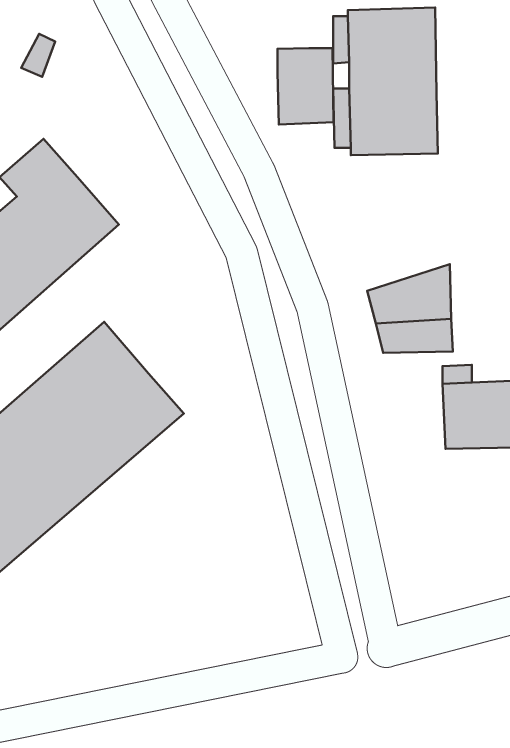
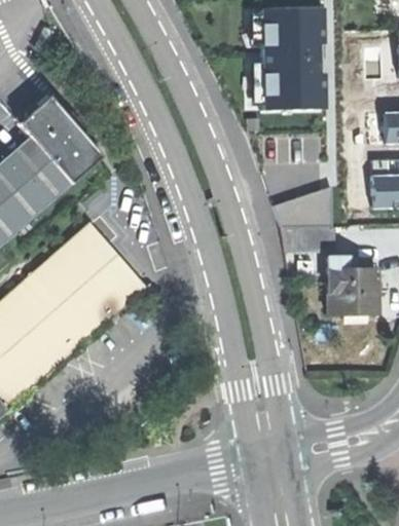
building: [278,48,334,125] -> none

